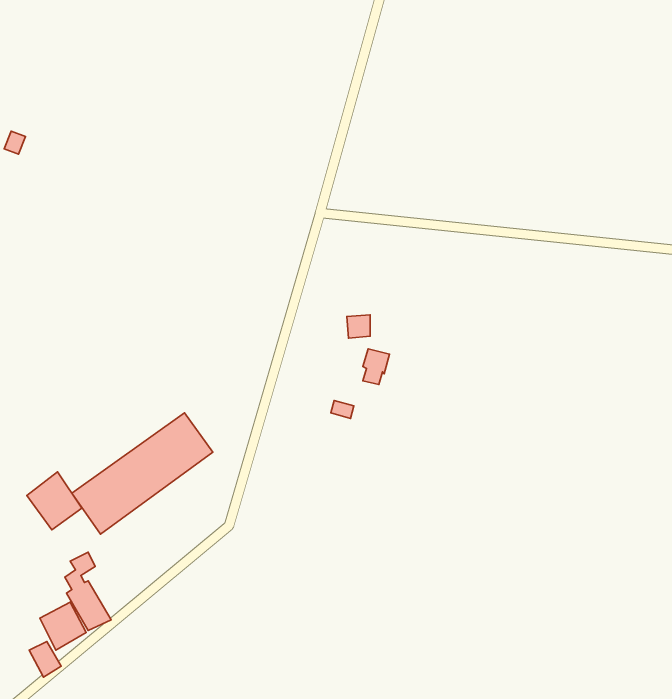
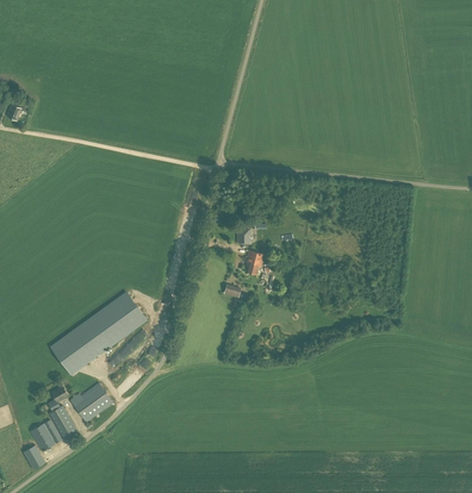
building: [27,472,82,530] -> none
building: none -> [69,382,112,423]

